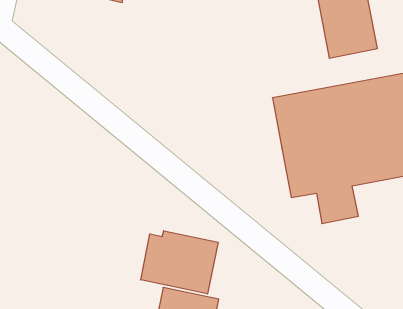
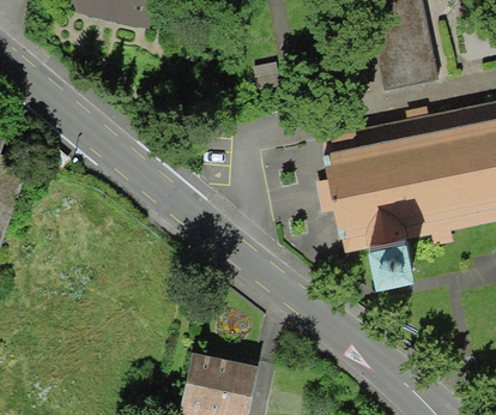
building: [141,231,218,294] -> none

